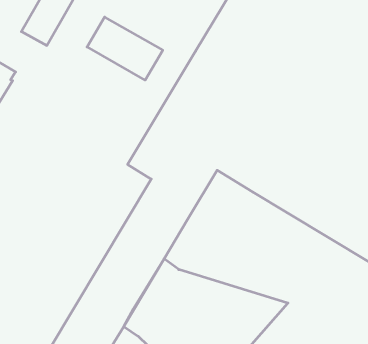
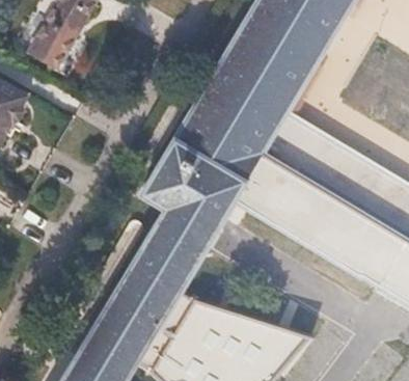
building: [87,17,163,80] -> none

